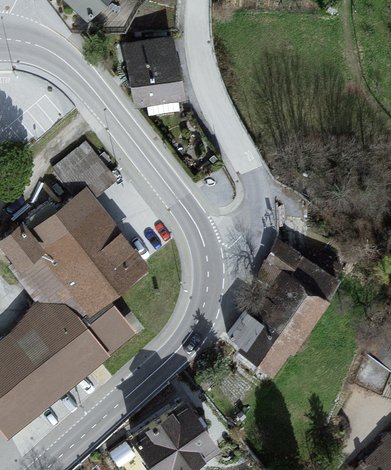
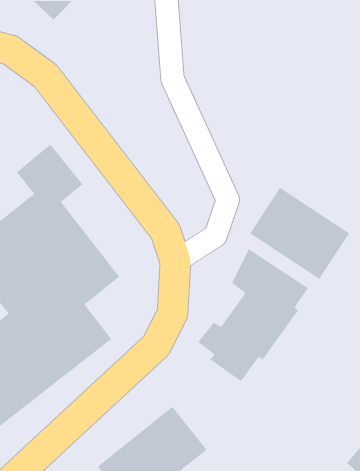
building: [124,41,178,106] -> none
building: none -> [249,187,350,280]

